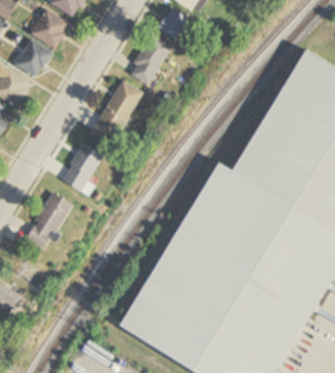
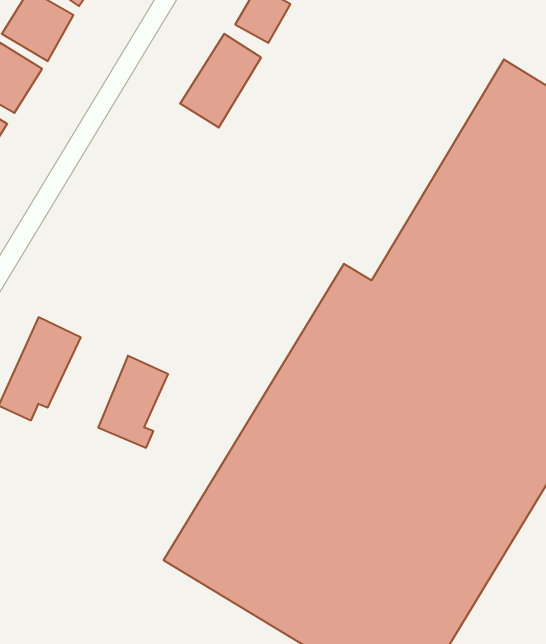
building: [94,81,143,145] -> none
building: [65,143,104,194] -> [98,356,168,448]

